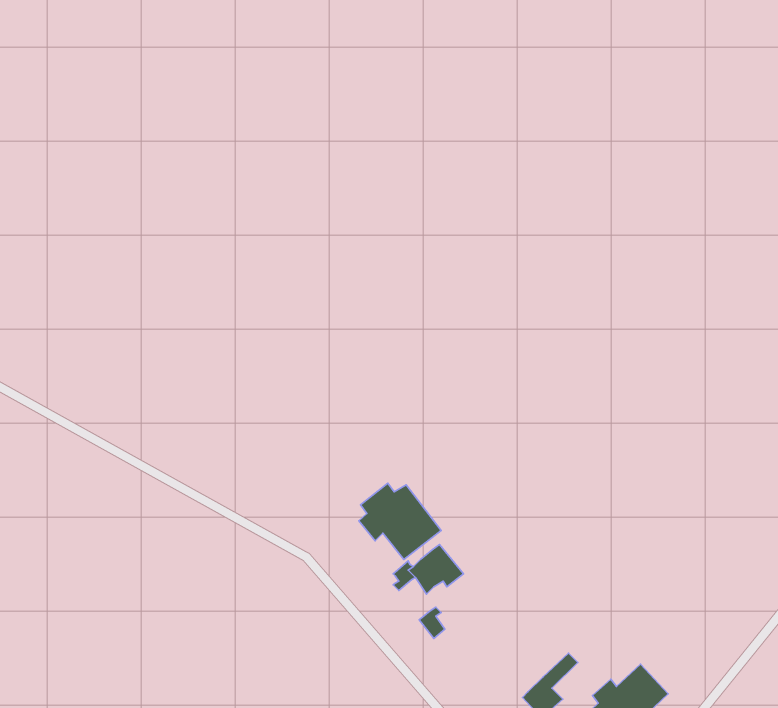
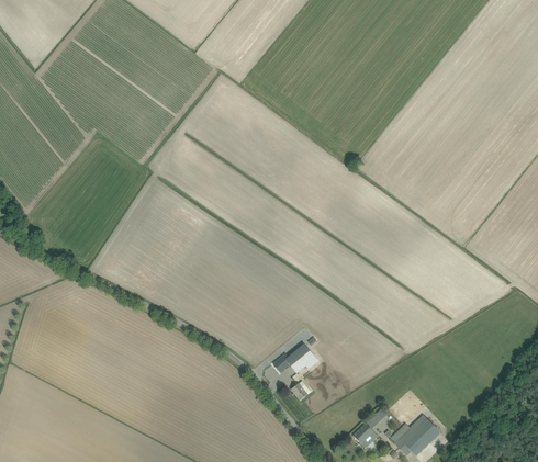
building: [359,483,441,560] -> none

